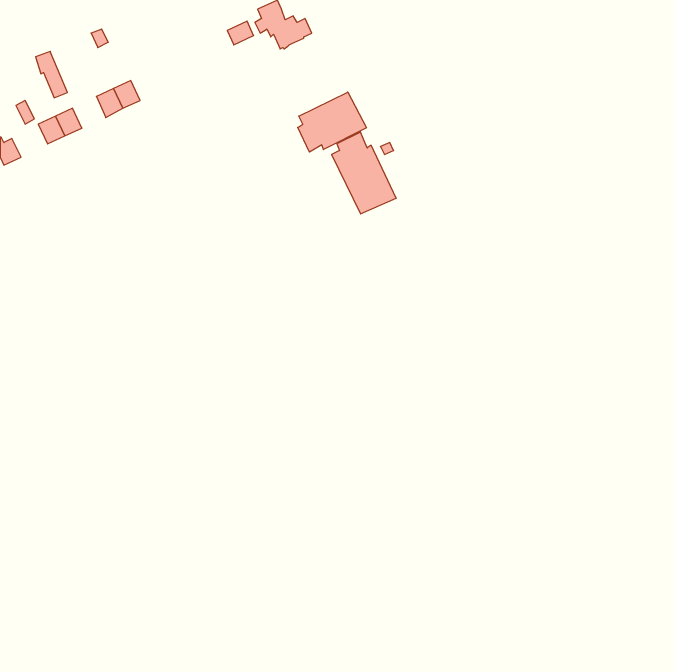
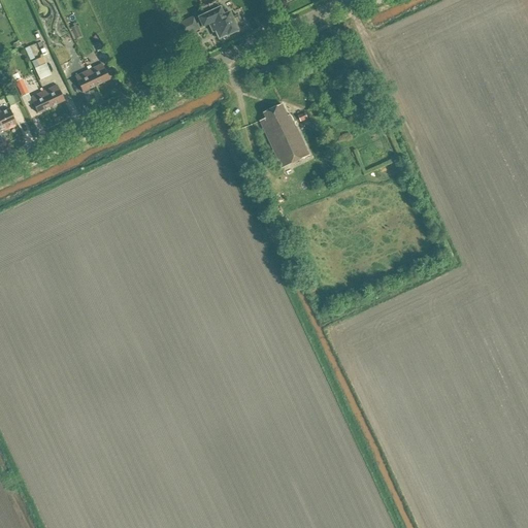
building: [298,92,366,152] -> none

